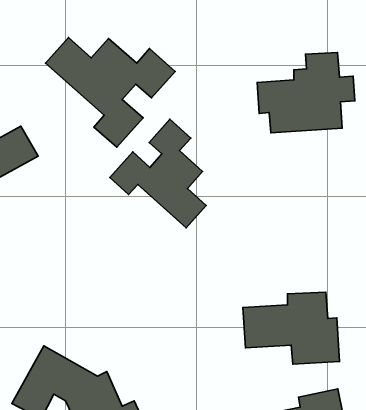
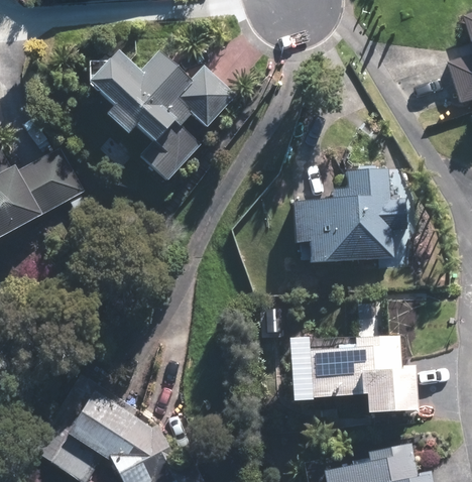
building: [257,52,355,133] -> [297,170,404,259]
building: [110,119,206,228] -> none

